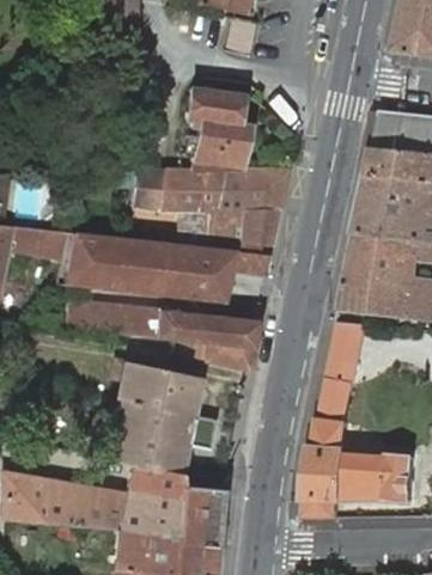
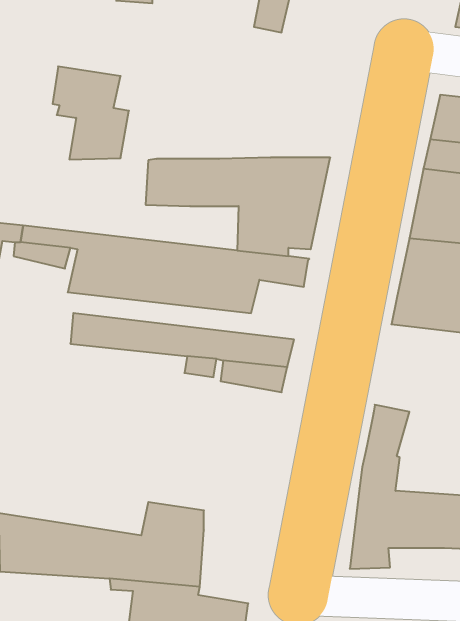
building: [177,86,243,166] -> [53,66,129,159]
building: [325,322,366,384] -> none
building: [102,357,213,469] -> none
building: [174,485,221,549] -> none

